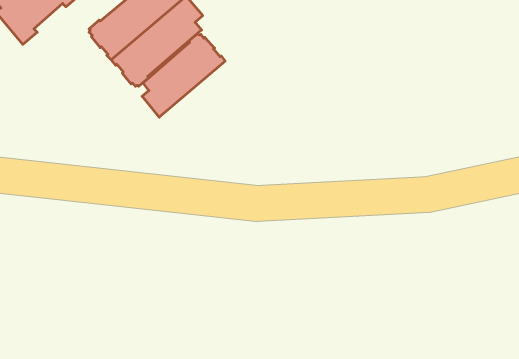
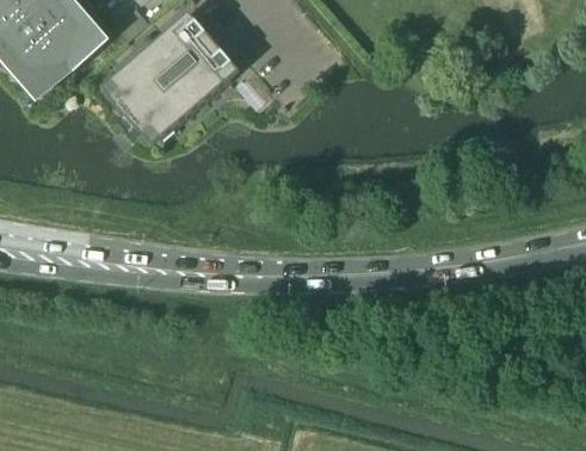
building: [142,34,225,117] -> none

